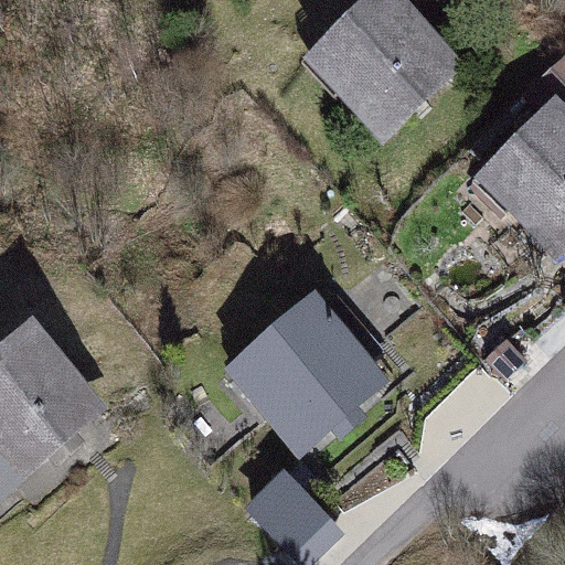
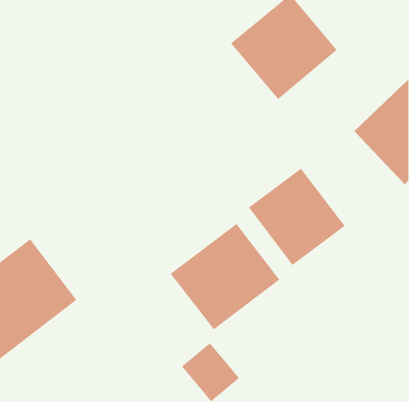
building: none -> [248,168,345,266]

